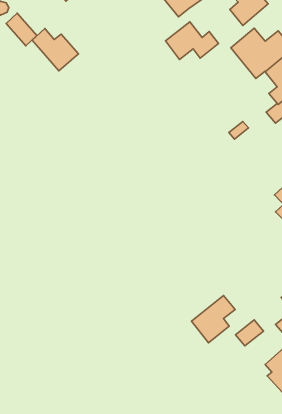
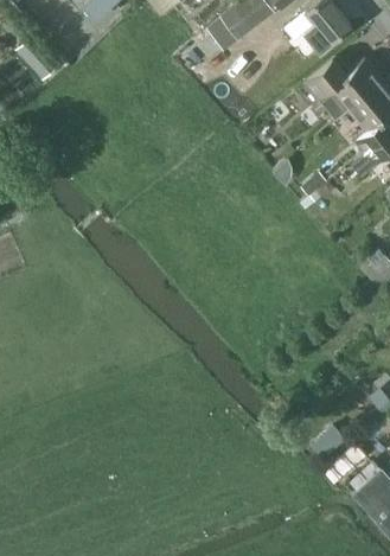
building: [165,22,219,60] -> none
building: [32,29,79,71] -> none
building: [192,296,235,343] -> none

